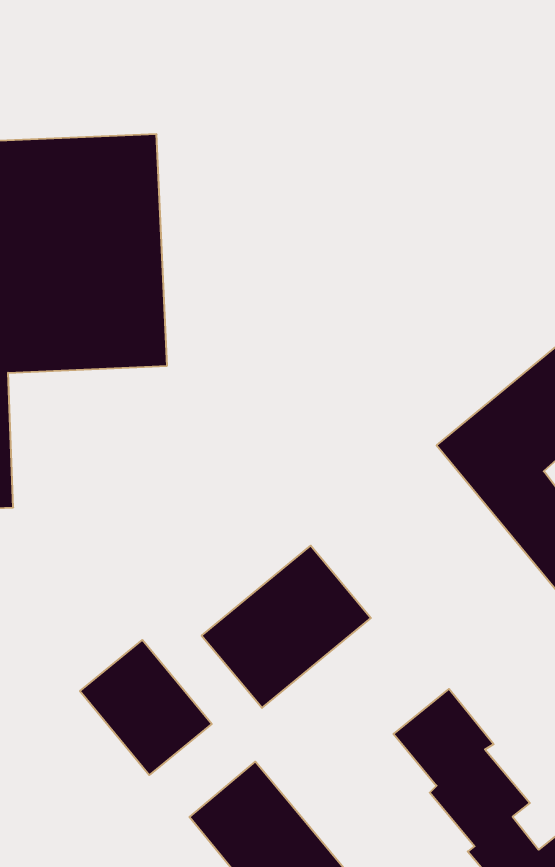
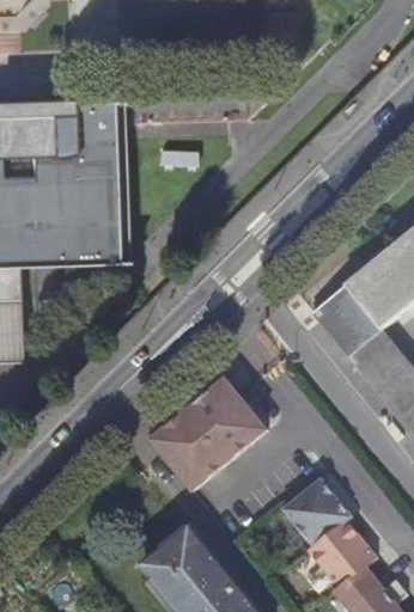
building: [80,640,212,775] -> none

